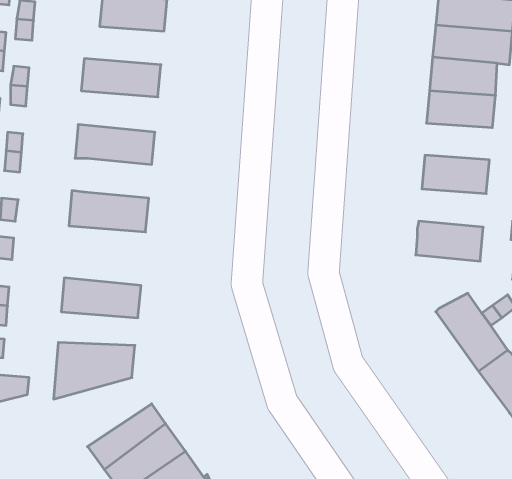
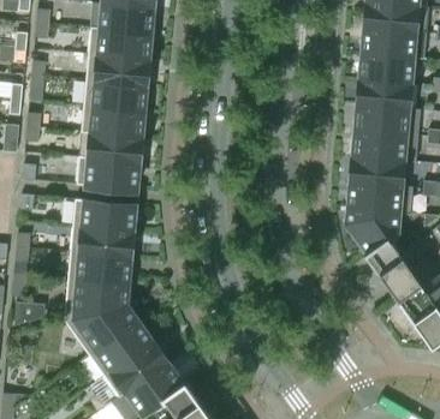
building: none -> [89,28,151,59]
building: none -> [84,79,147,112]
building: none -> [356,104,409,133]
building: none -> [89,132,142,163]
building: none -> [351,156,404,186]
building: none -> [73,198,136,232]
building: none -> [347,208,399,250]
building: none -> [69,252,131,279]
building: none -> [65,304,142,358]

